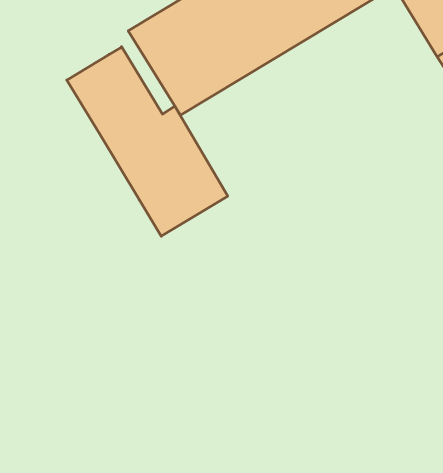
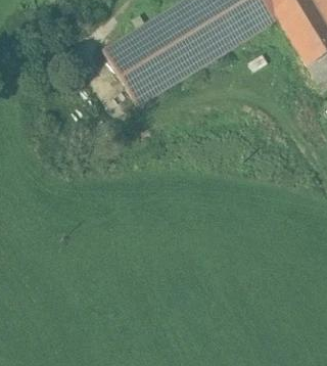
building: [67,47,228,236] -> none

